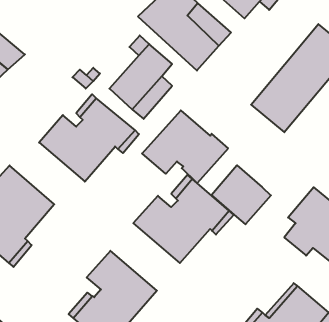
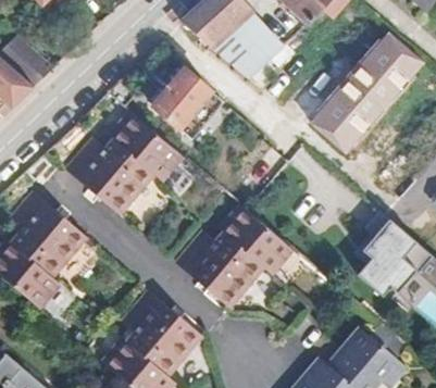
building: [142,110,228,183] -> none
building: [212,165,271,224] -> none

